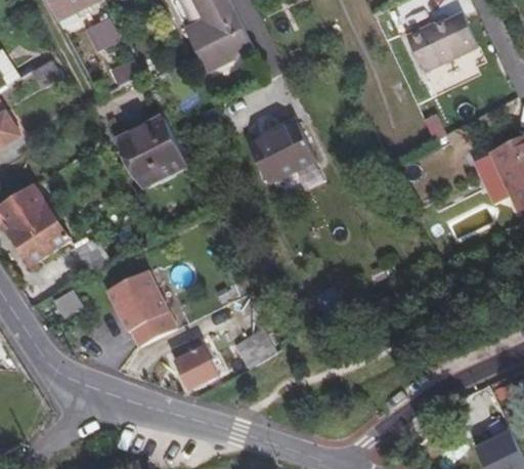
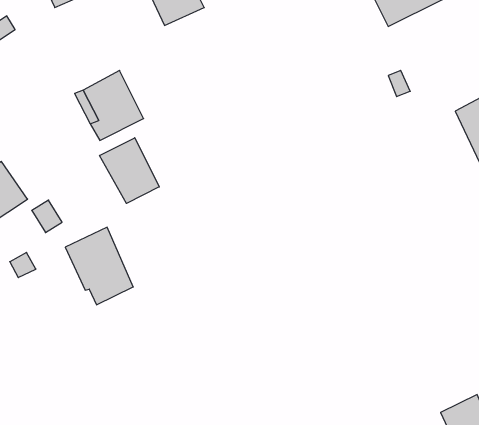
building: [248,124,314,184] -> none
building: none -> [100,138,159,203]
building: [232,330,275,369] -> none
building: [171,339,216,389] -> none

